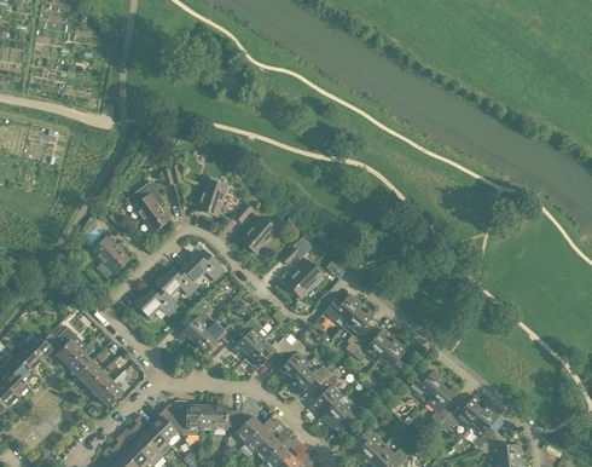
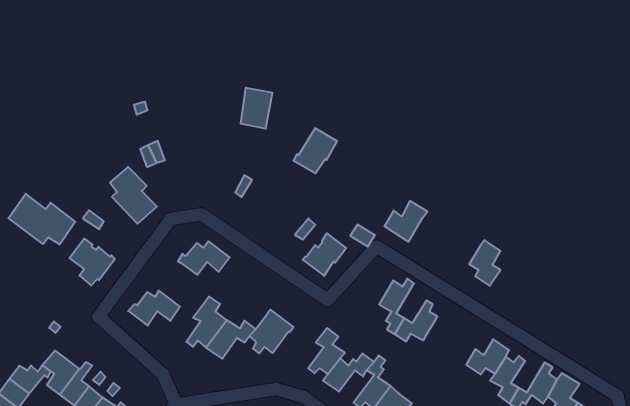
building: [198,179,228,215] -> [240,88,272,129]
building: none -> [8,194,75,245]
building: [239,215,278,253] -> [293,128,337,173]
building: [155,269,199,296] -> none
building: [325,293,362,327] -> [384,201,427,242]
building: [244,338,292,369] -> none
building: [379,339,407,377] -> [469,240,501,286]

